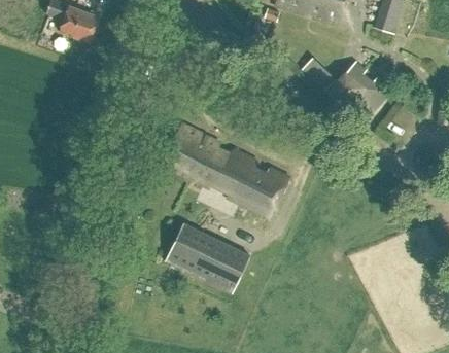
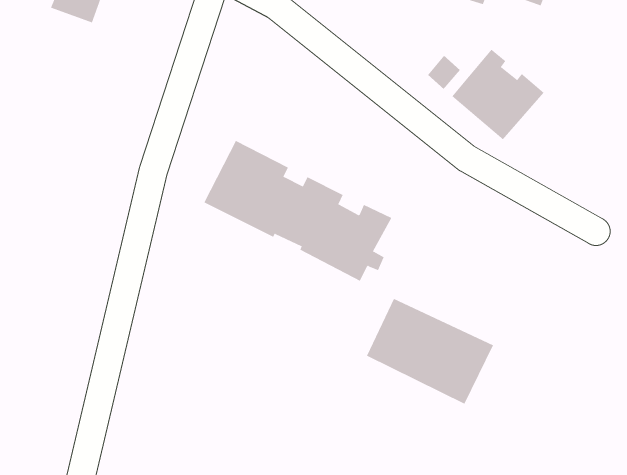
building: [165,222,251,294] -> [366,298,494,405]

